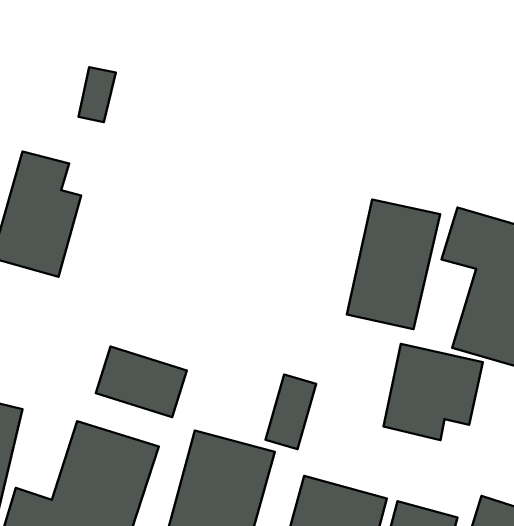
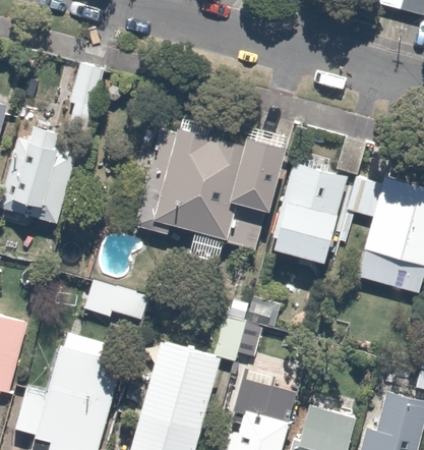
building: none -> [141,124,279,251]
building: [384,344,483,440] -> none

